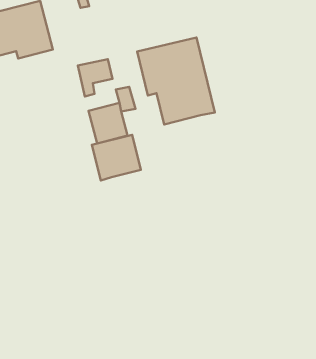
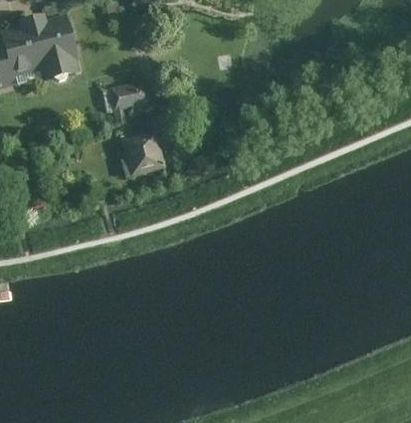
building: [137,37,215,125] -> none
building: [92,135,141,181] -> none

